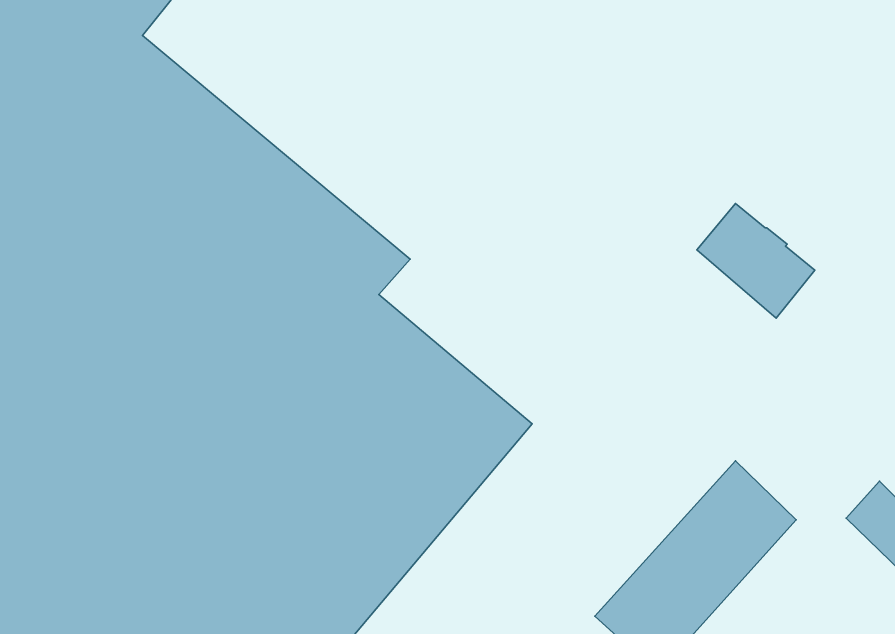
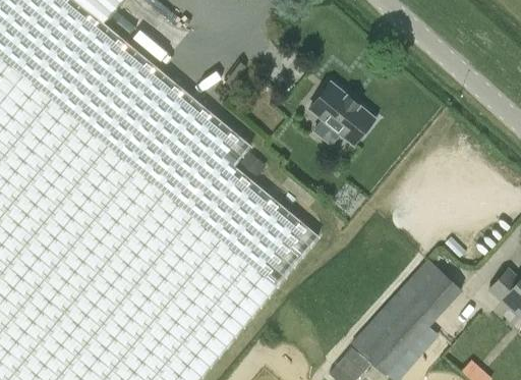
building: [697,204,815,318] -> [308,84,373,147]

